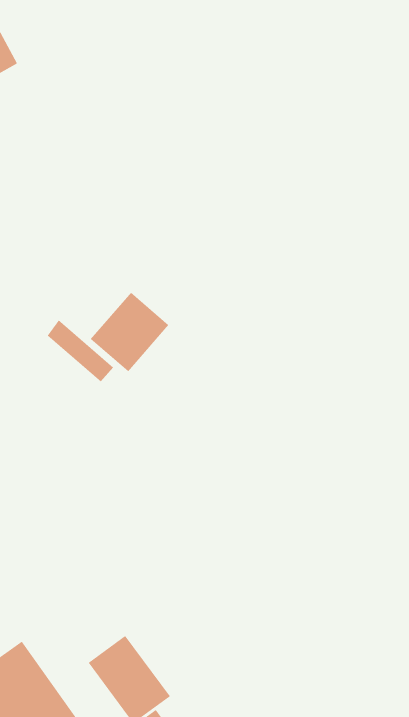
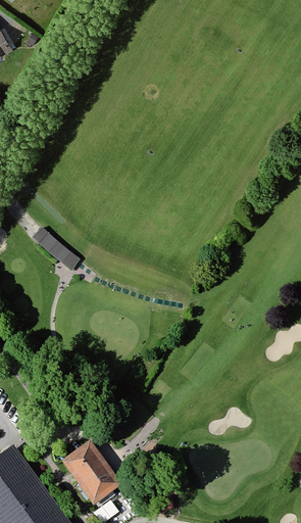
building: [90,292,169,372] -> none

